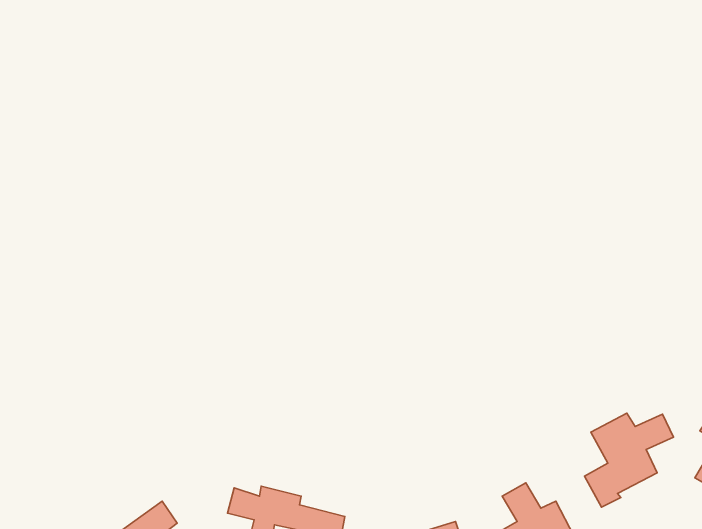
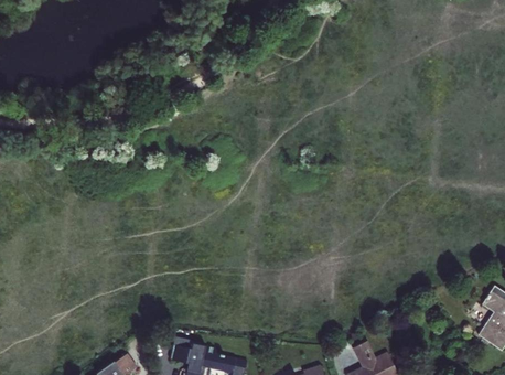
building: [584,413,673,507] -> none

